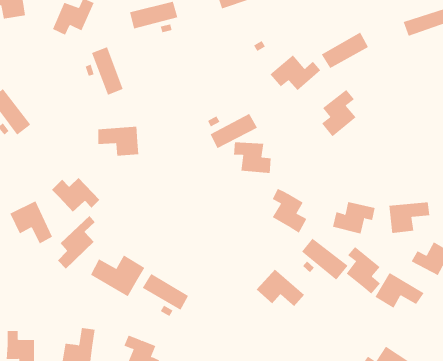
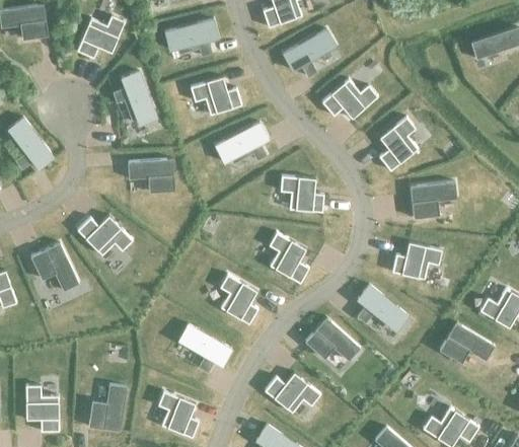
building: [321,32,369,69] -> [283,28,337,70]
building: none -> [191,76,240,115]
building: [210,113,258,149] -> [216,123,270,162]
building: [272,188,307,233] -> [270,233,309,284]
building: [389,202,430,234] -> [411,182,457,218]
building: [57,215,96,270] -> none
building: none -> [221,275,258,324]
building: [346,246,381,294] -> none
building: [90,255,145,297] -> none
building: none -> [264,373,320,413]

